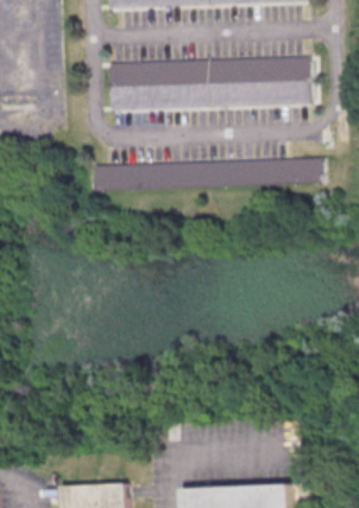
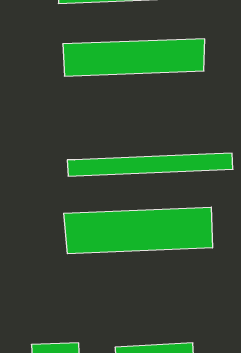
building: [88,159,321,191] -> [67,153,233,176]
building: none -> [64,207,212,254]

